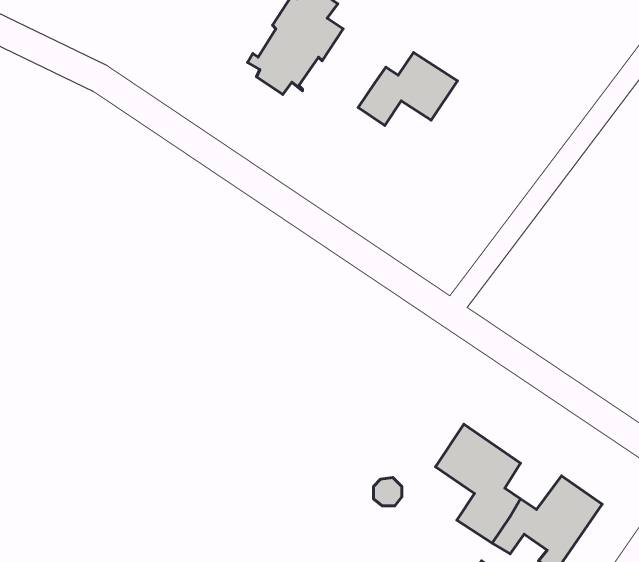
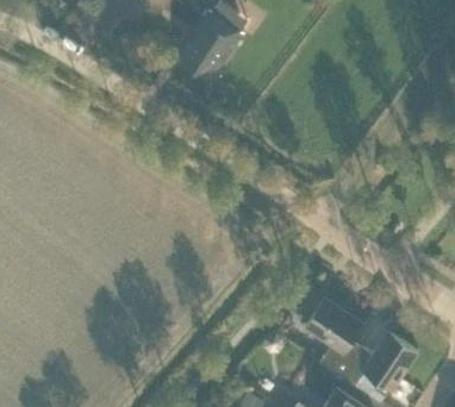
building: [358,53,457,125] -> none

